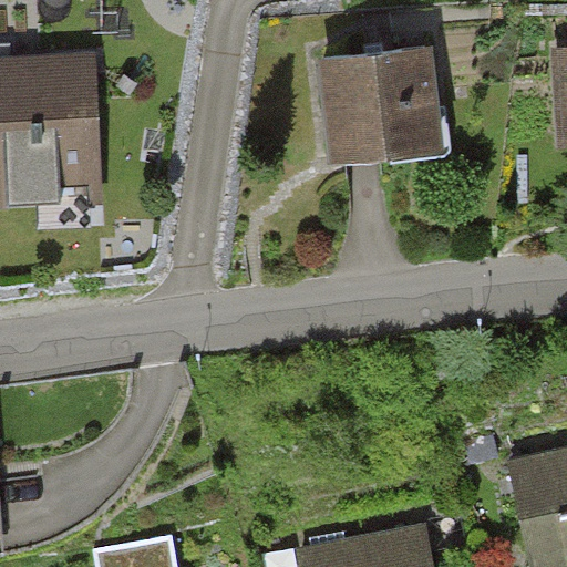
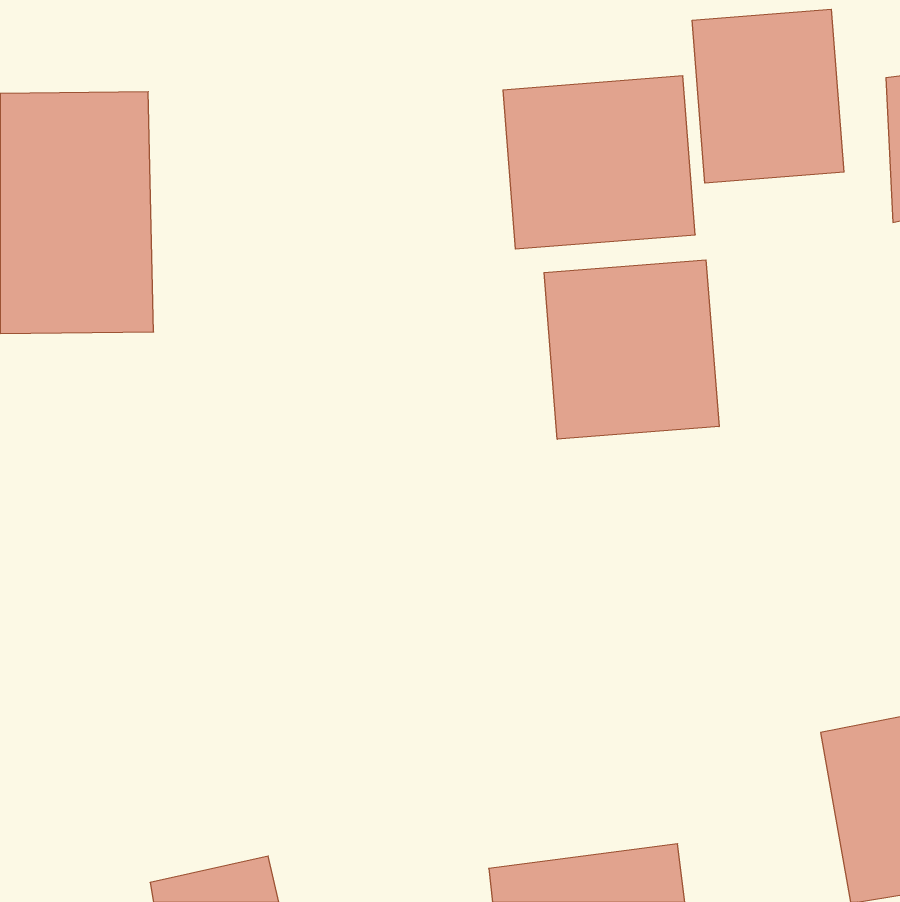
building: none -> [692,9,844,183]
building: none -> [544,260,719,439]

